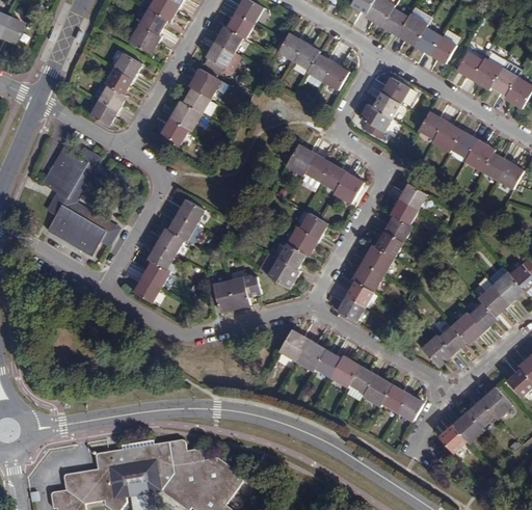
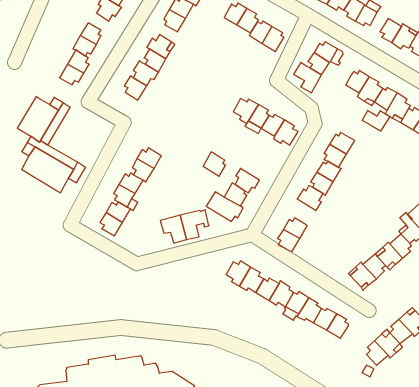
building: none -> [362,110,390,131]
building: [299,211,325,239] -> [203,152,226,176]
building: [354,261,383,290] -> none

